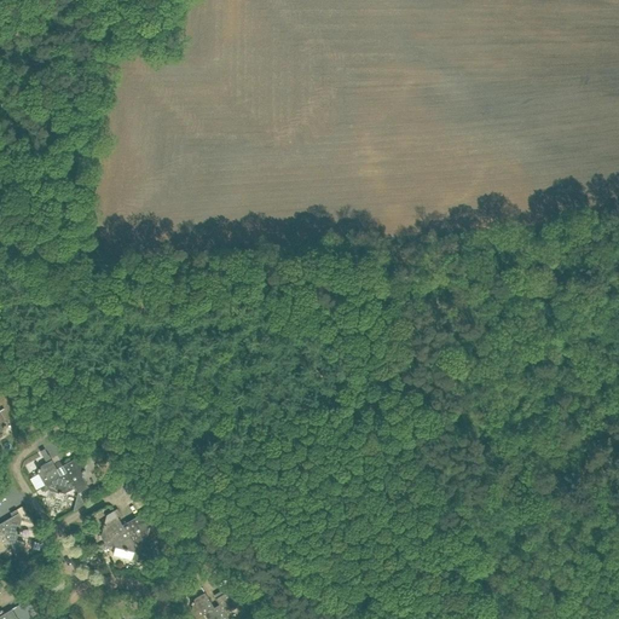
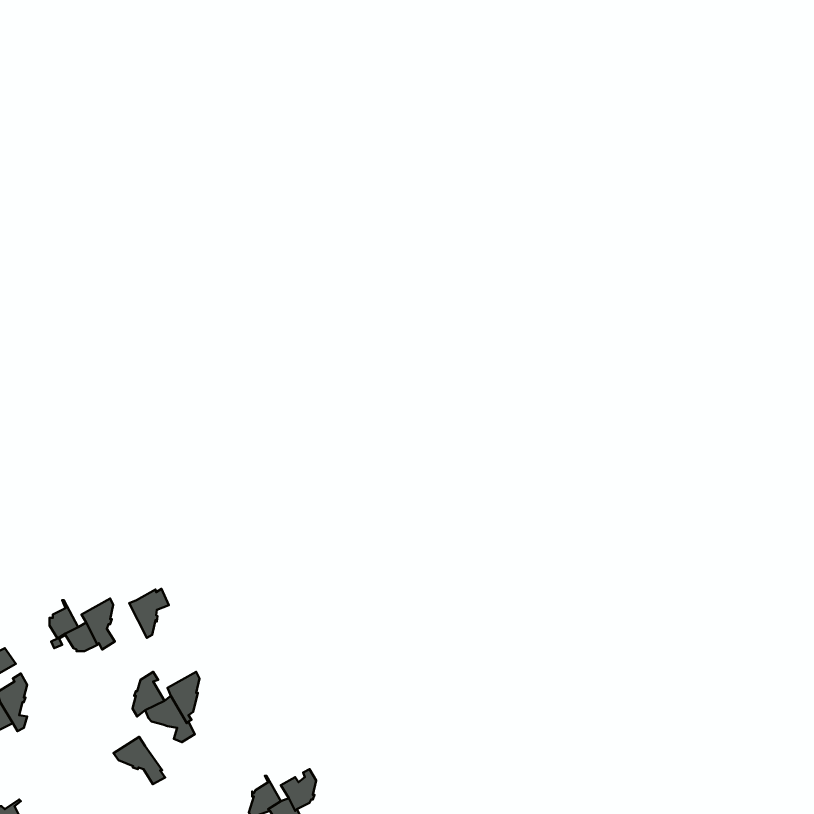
building: none -> [129,589,169,638]
building: none -> [114,737,165,784]

